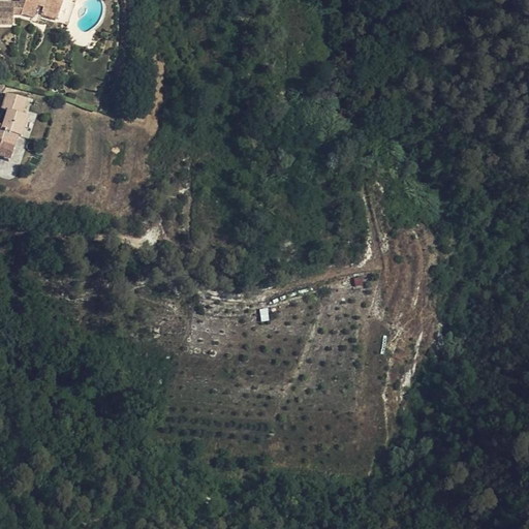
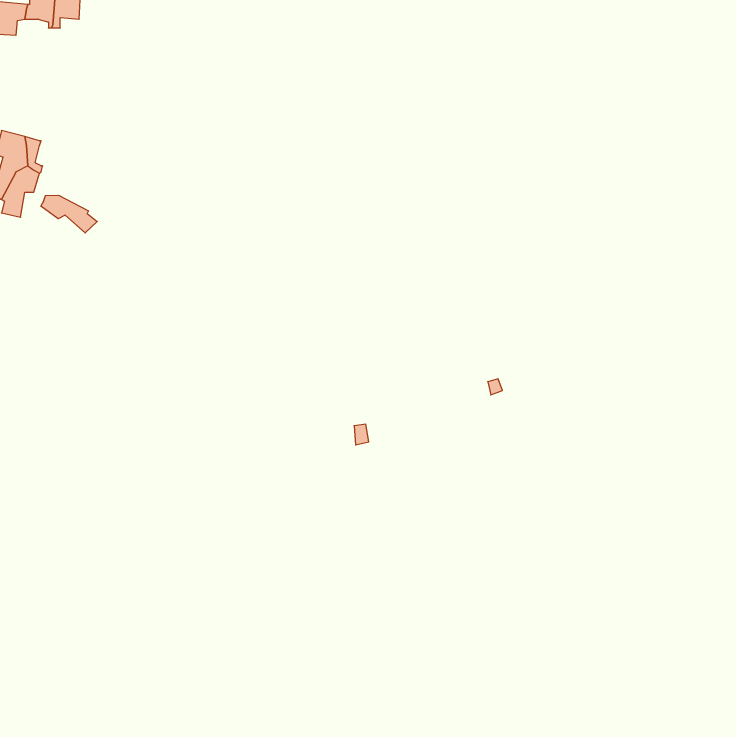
building: none -> [41,195,97,233]

